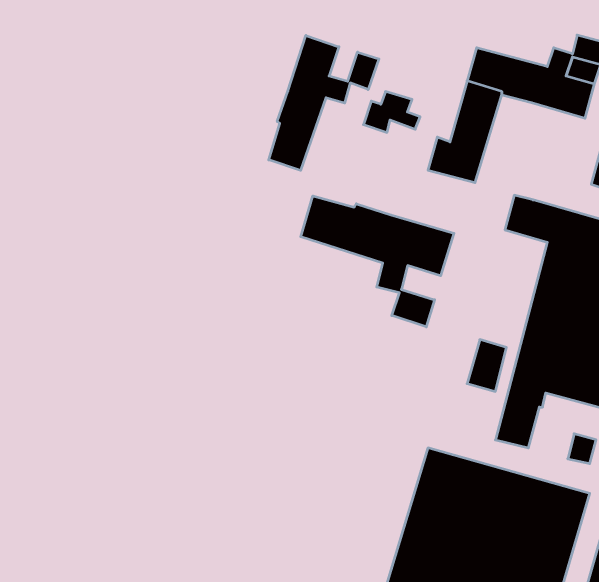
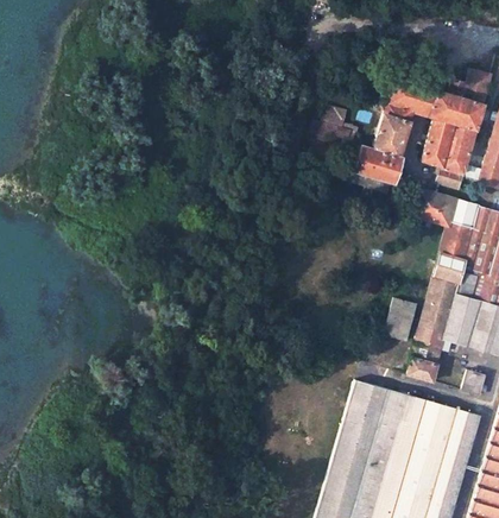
building: [269,35,379,170] -> none
building: none -> [423,120,475,189]
building: [301,196,454,327] -> none

